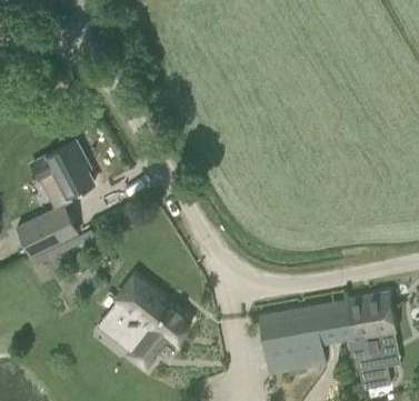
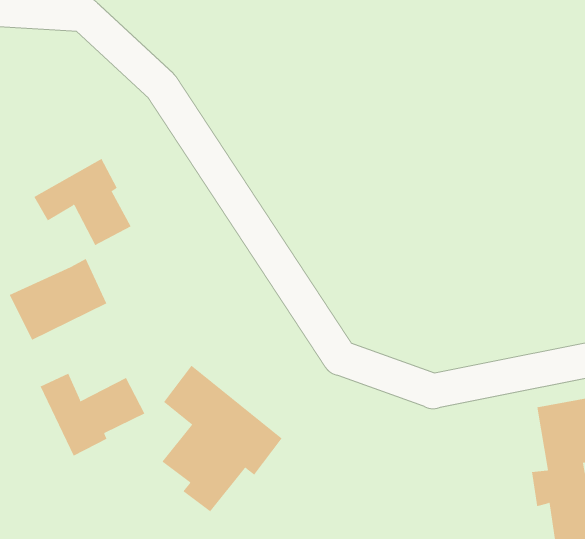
building: none -> [40,373,145,456]
building: [259,299,357,373] -> none

